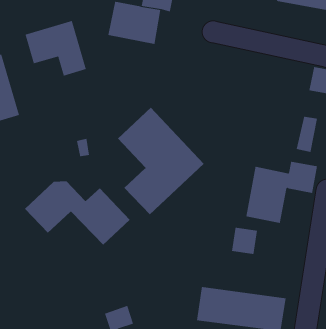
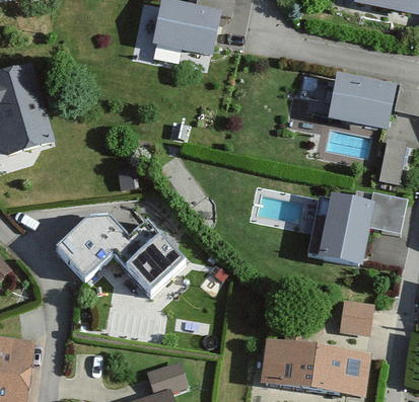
building: [25,20,86,77] -> none
building: none -> [329,71,393,125]
building: [117,107,205,215] -> none
building: [231,227,258,254] -> [340,301,371,333]

